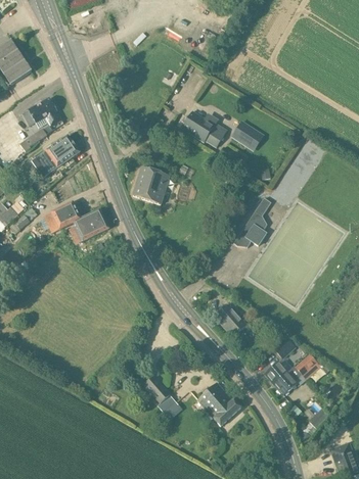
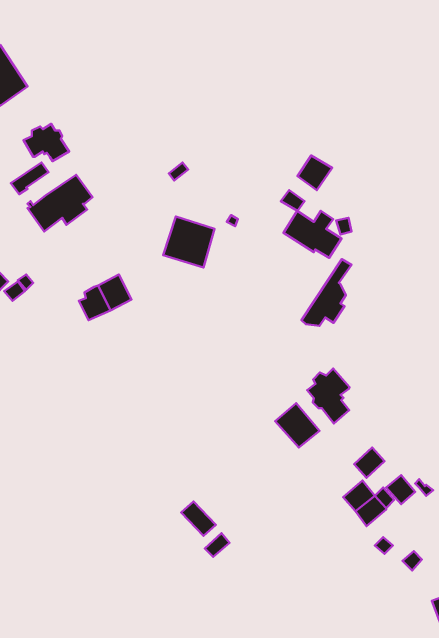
building: [182,110,225,145] -> [283,211,341,258]
building: [40,200,81,232] -> none
building: none -> [307,368,349,423]
building: [197,381,240,425] -> none

